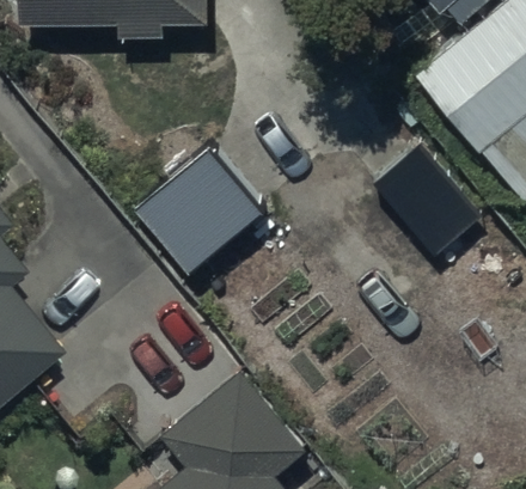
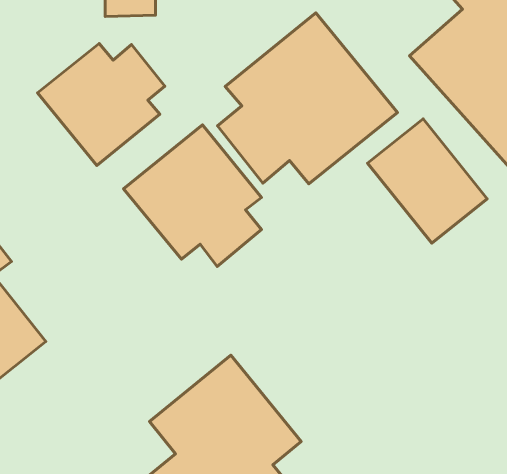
building: none -> [217,13,397,184]
building: none -> [38,44,165,165]

